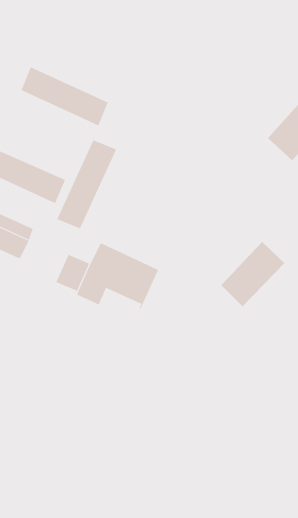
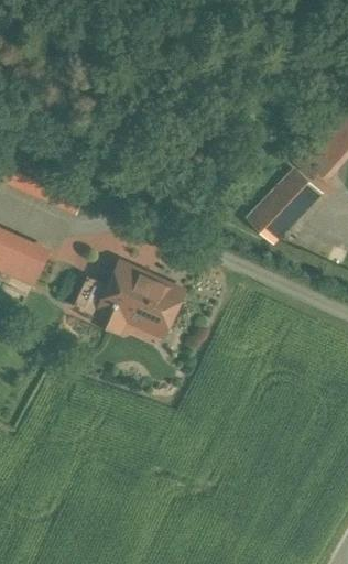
building: [21,66,109,126] -> none
building: [56,139,117,229] -> none
building: [221,241,285,307] -> [247,172,315,241]

